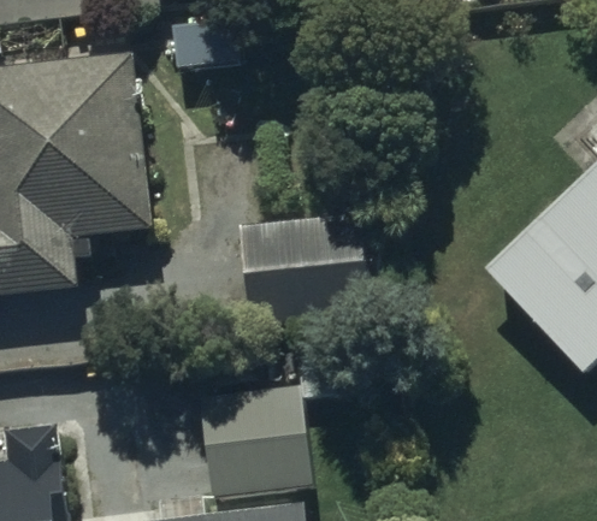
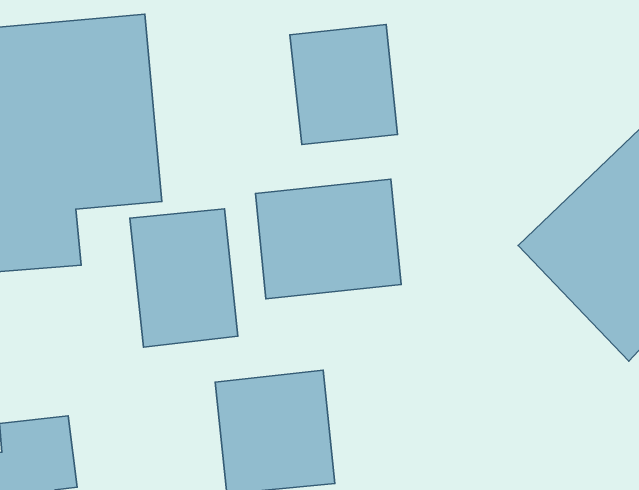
building: none -> [290,25,397,144]
building: none -> [130,209,238,347]

